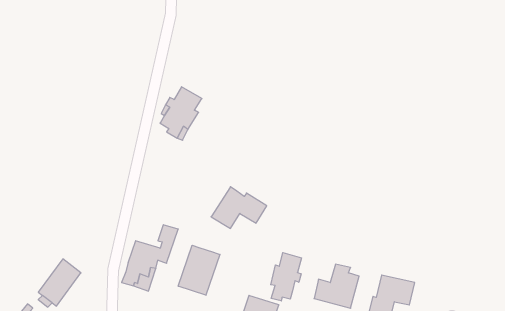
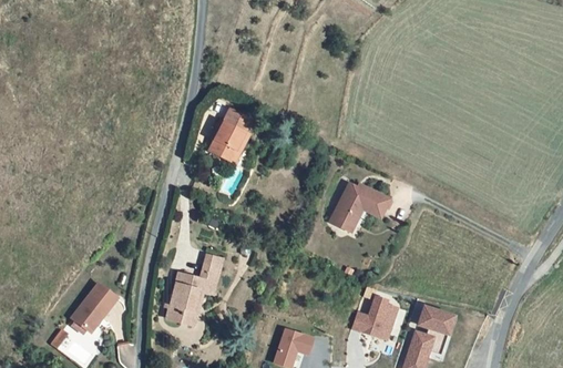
building: [211,187,267,228] -> [330,188,388,232]
building: [178,245,220,295] -> none
building: [271,253,301,301] -> none

